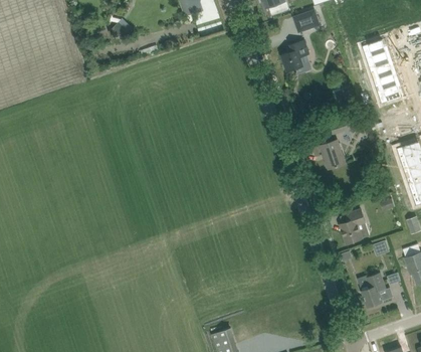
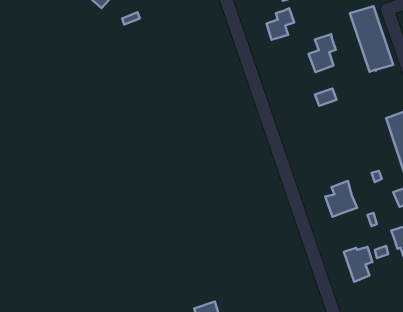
building: none -> [309,34,336,72]
building: [312,139,345,169] -> none

